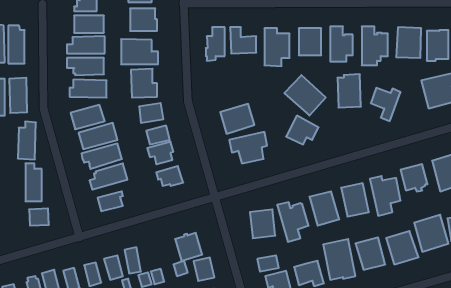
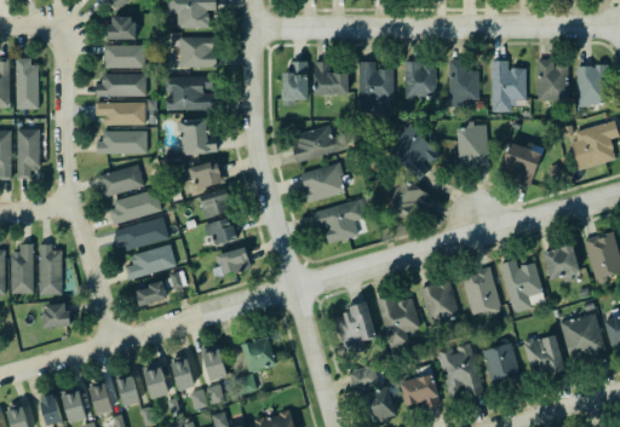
building: none -> [292,125,339,163]
building: [18,122,36,159] -> [11,243,35,294]
building: [194,258,214,281] -> [200,350,228,381]

